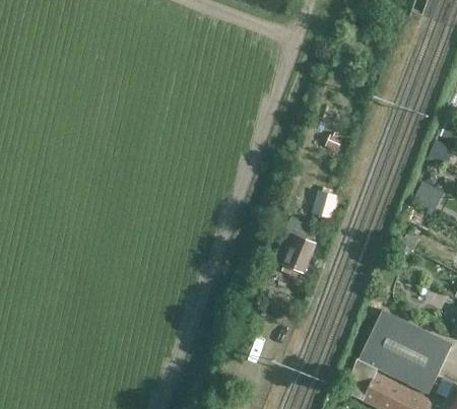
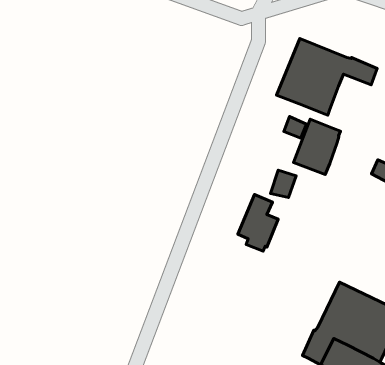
building: none -> [276,39,377,115]
building: none -> [293,119,340,175]

